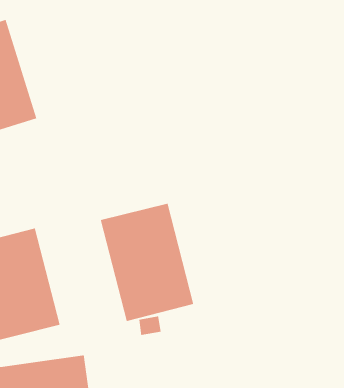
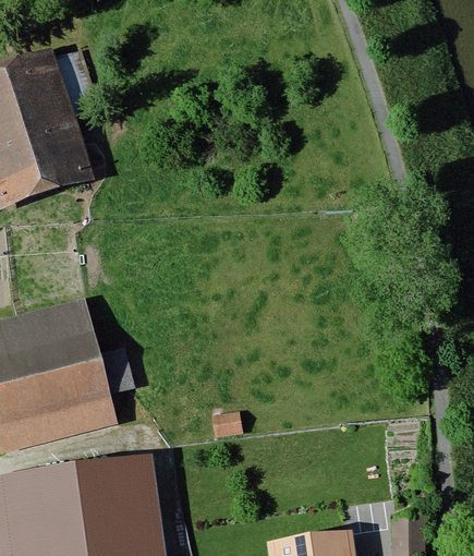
building: [100,203,194,322] -> none

